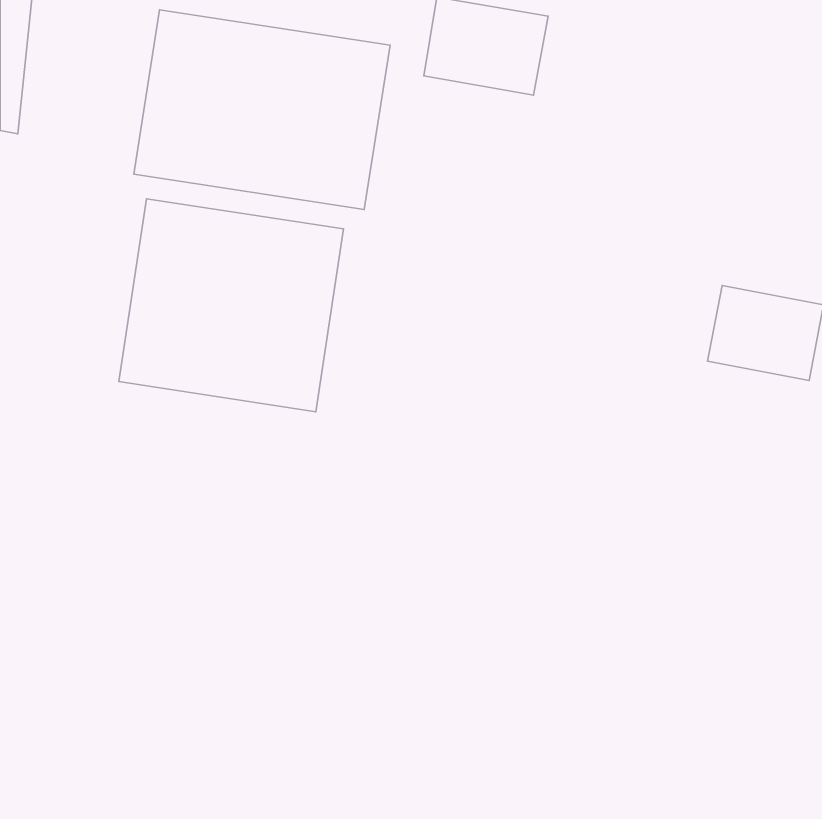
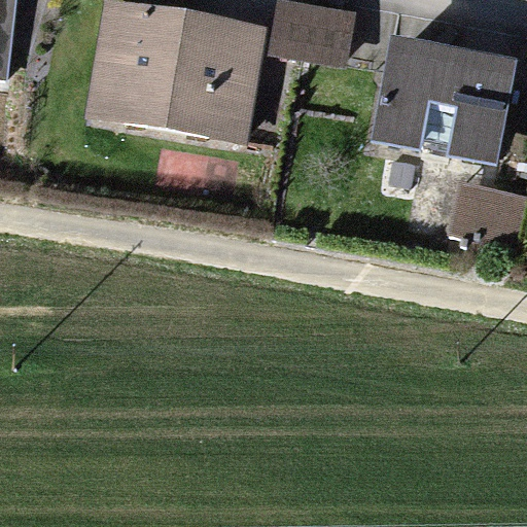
building: none -> [376,49,500,155]
building: [119,199,343,412] -> none

